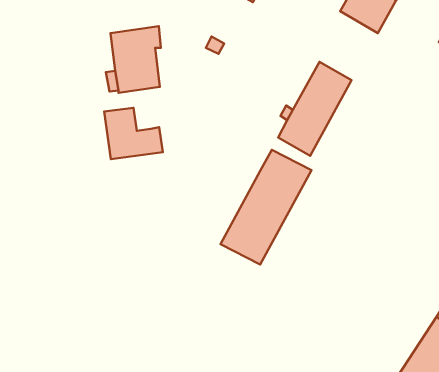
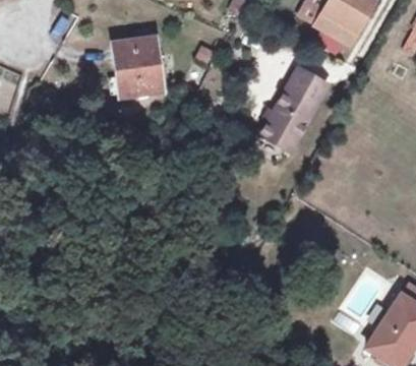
building: [104,108,163,159] -> none
building: [221,150,311,265] -> none

